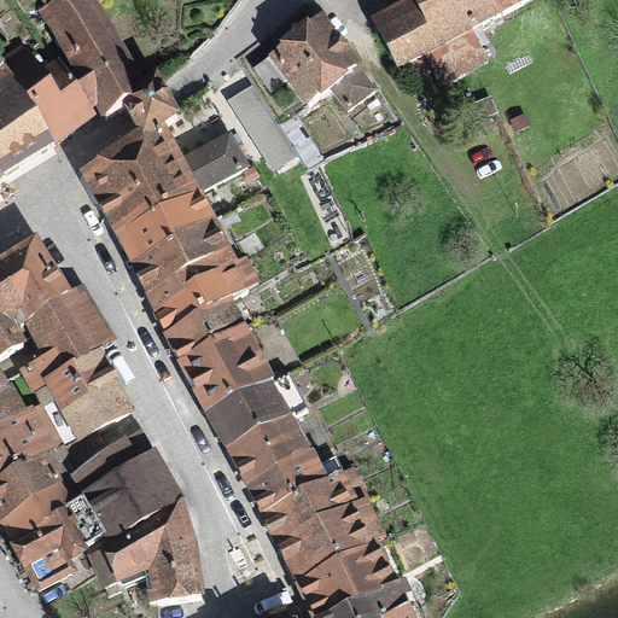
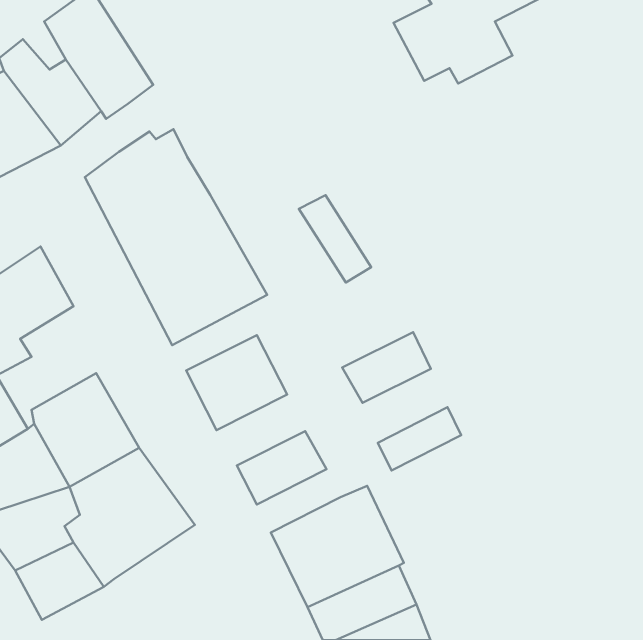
building: [253,13,378,112] -> none
building: [122,74,182,133] -> none
building: [223,80,292,163] -> [299,195,371,282]
building: [179,123,245,186] -> none
building: [16,287,110,391] -> none
building: [164,293,245,354] -> none
building: [206,377,291,444] -> [342,332,431,403]
building: [245,448,325,508] -> [378,407,461,471]
building: [109,501,196,601] -> none

